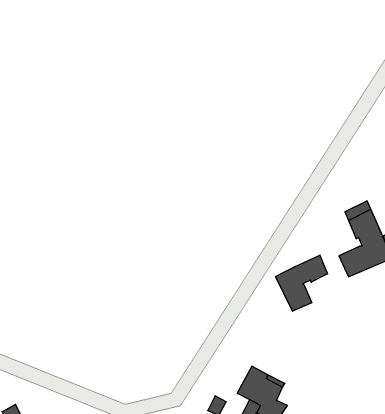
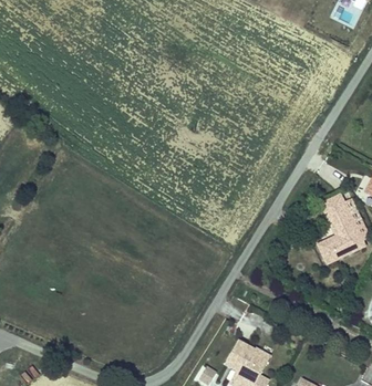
building: [276,255,328,311] -> none

